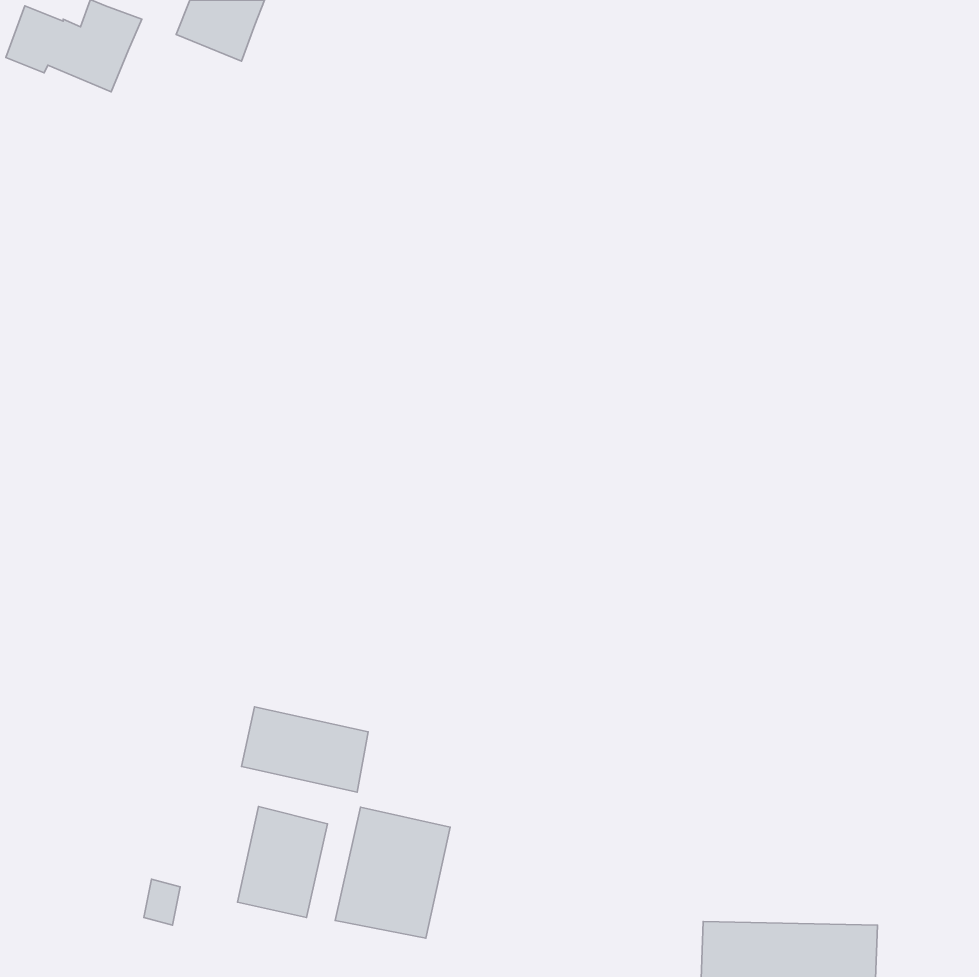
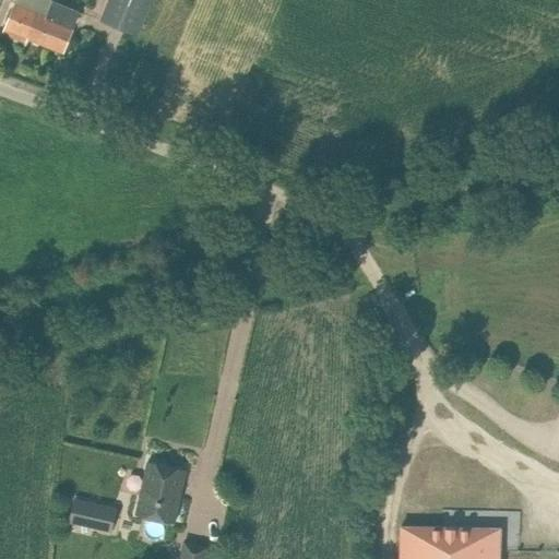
building: [241,707,368,792] -> none
building: [335,807,450,938] -> none

